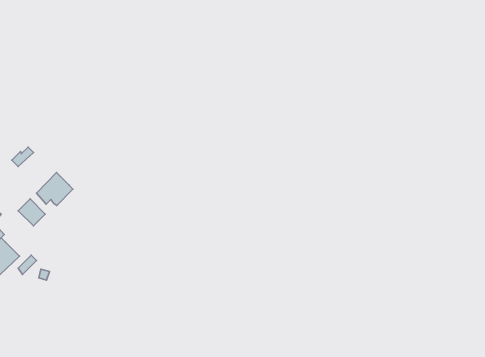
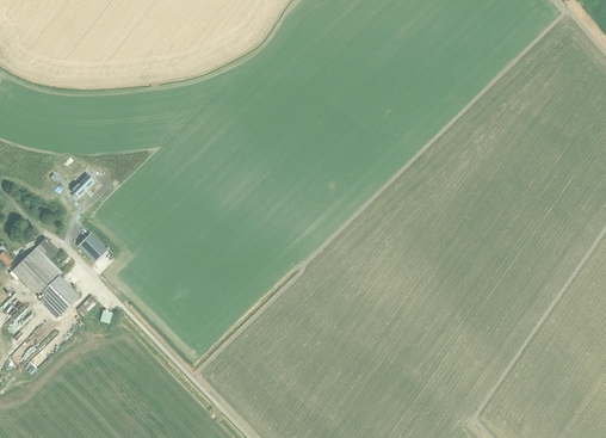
building: [37,172,73,205] -> none

